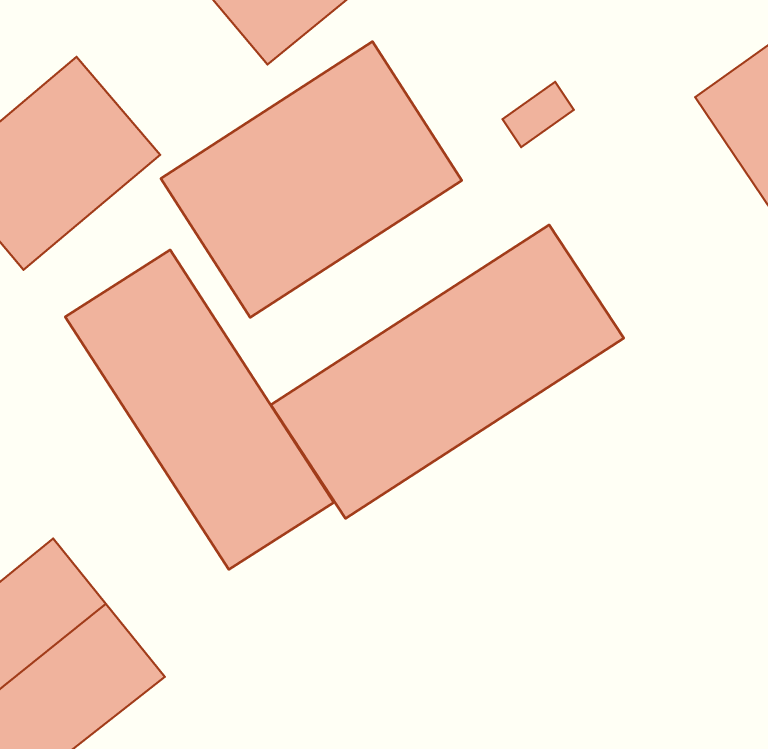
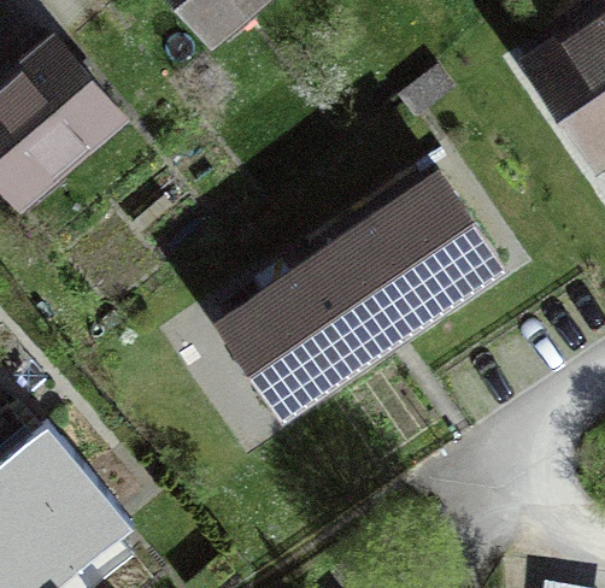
building: [161,41,462,318] -> none
building: [65,250,334,569] -> none

